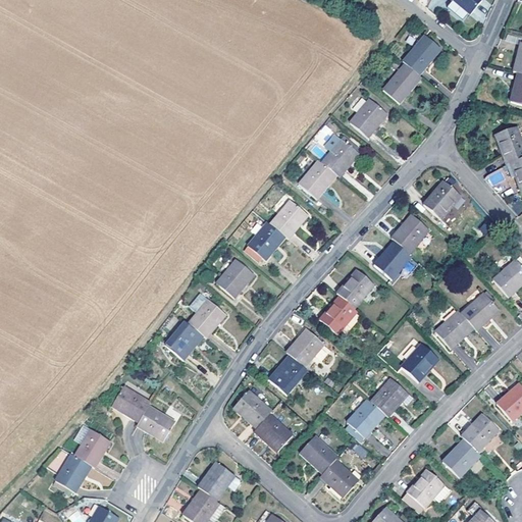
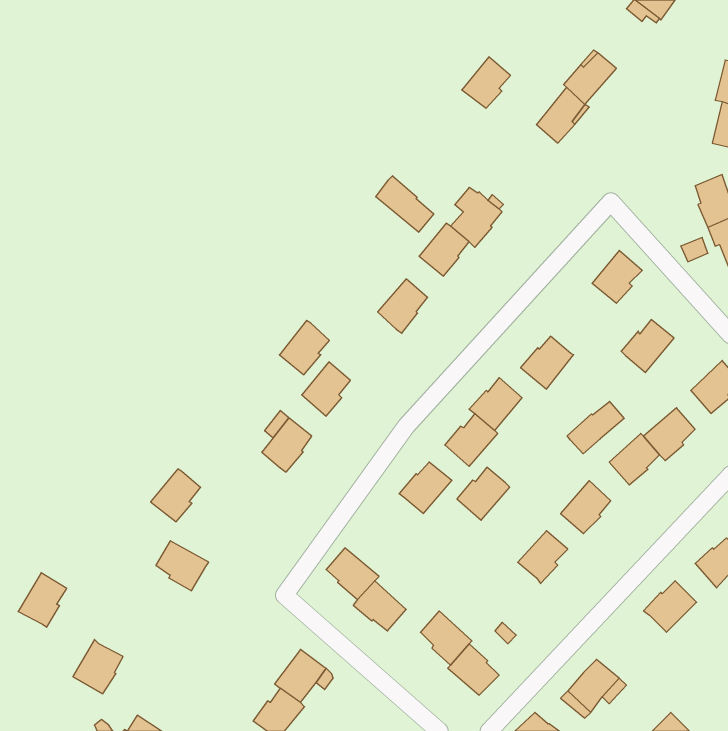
building: [351,97,385,134] -> [462,57,510,108]
building: none -> [376,176,434,232]
building: [392,214,429,252] -> [621,320,674,373]
building: [249,220,284,259] -> [279,320,329,375]
building: none -> [567,401,624,454]
building: [166,320,202,358] -> [151,469,201,522]
building: [269,355,307,393] -> [457,467,510,520]
building: [348,398,384,436] -> none
building: [137,404,173,439] -> none
building: [72,431,107,470] -> [18,573,67,627]
building: [442,438,480,476] -> none

